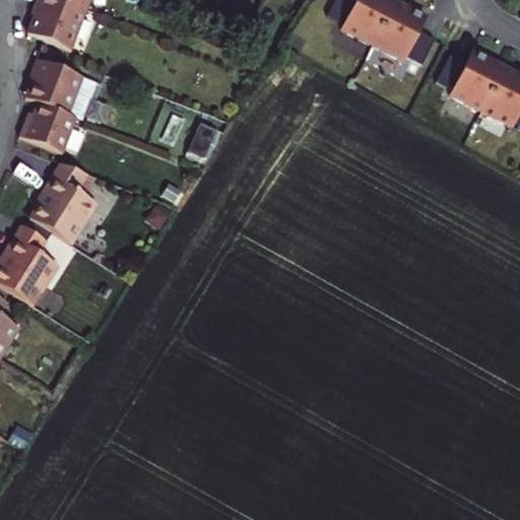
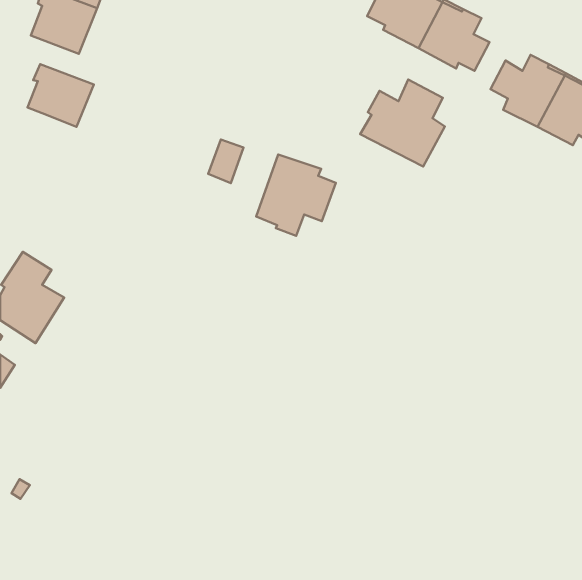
building: none -> [360,80,445,166]
building: [20,101,77,151] -> none
building: none -> [256,154,336,236]
building: [26,159,93,240] -> none

